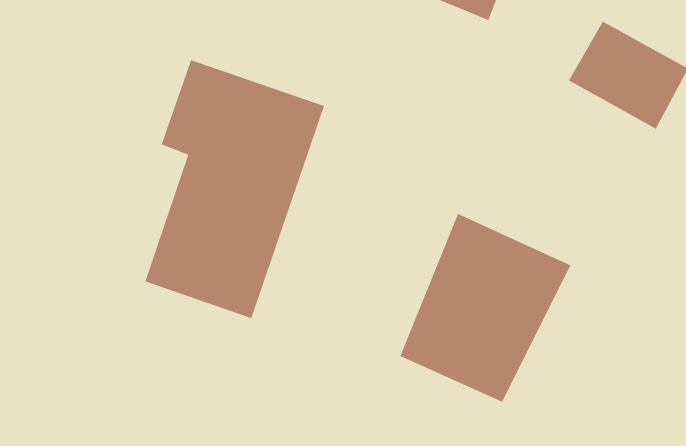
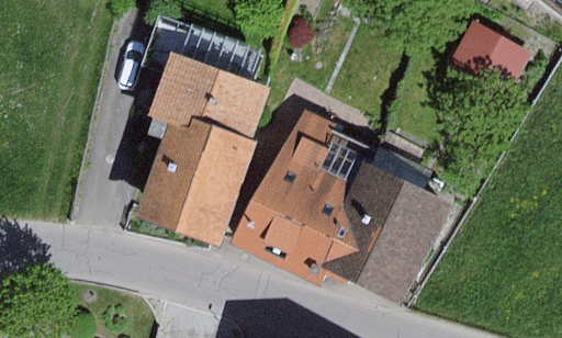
building: none -> [233,111,375,286]

